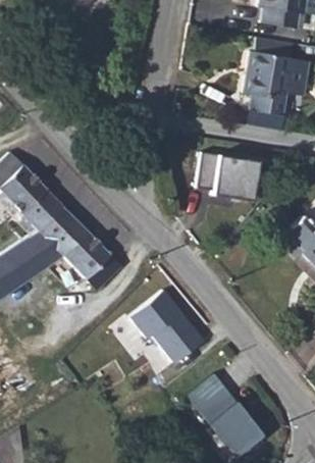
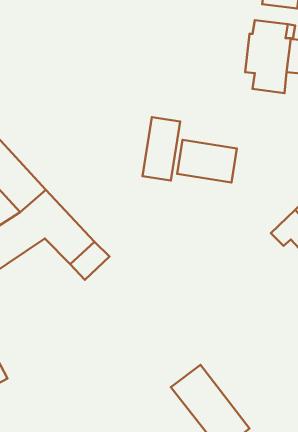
building: none -> [143,117,180,181]
building: [127,289,201,363] -> none

